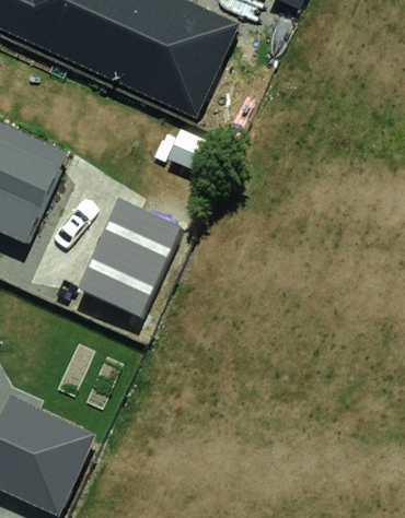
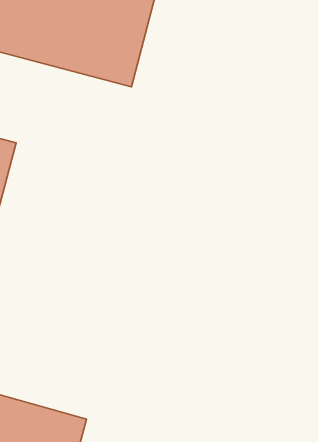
building: [77,198,181,316] -> none

